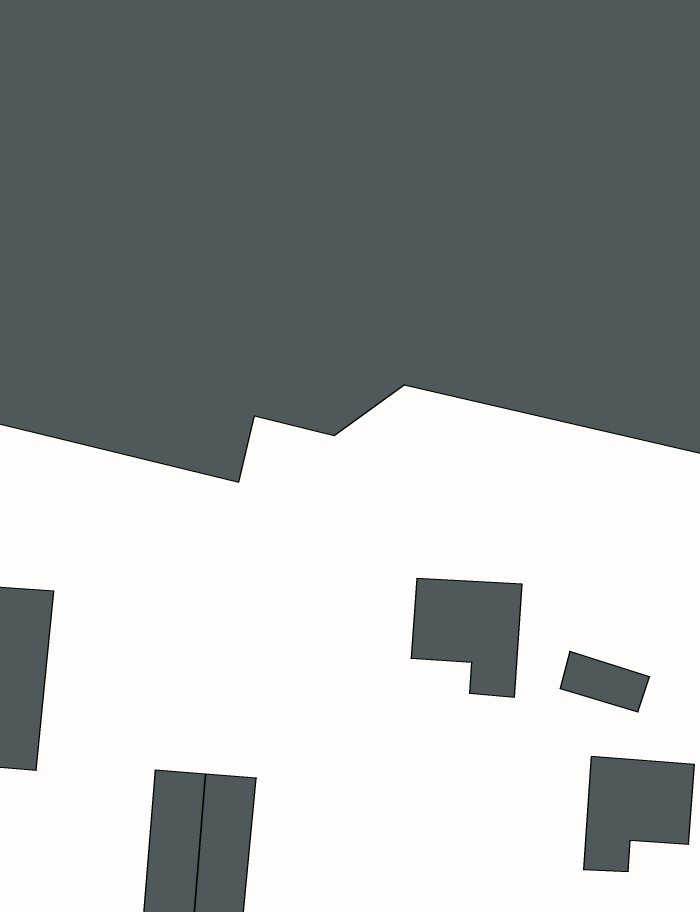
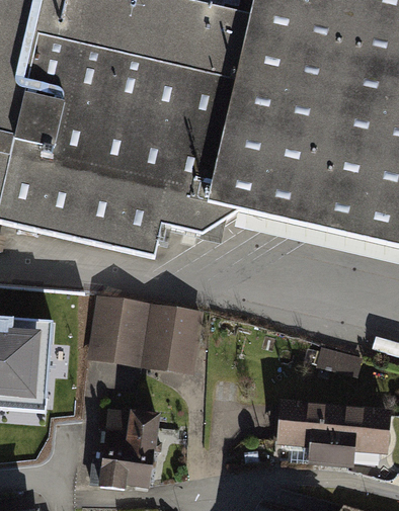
building: none -> [88,296,203,374]
building: [411,578,522,697] -> [275,400,333,461]

